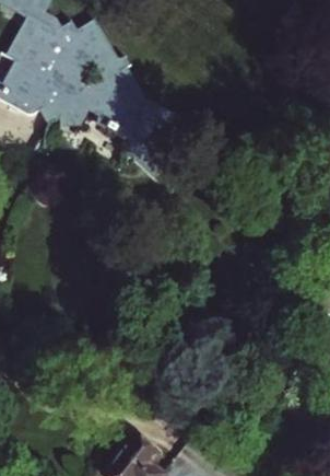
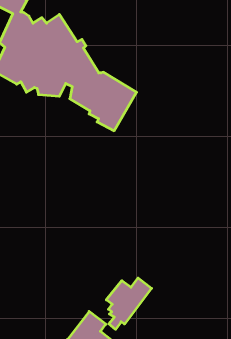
building: none -> [106,278,152,329]

